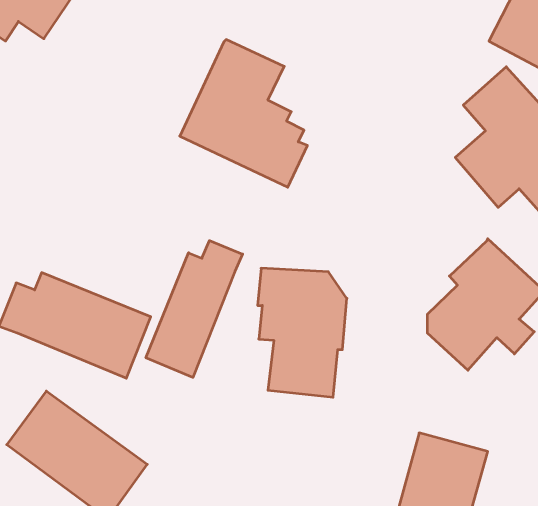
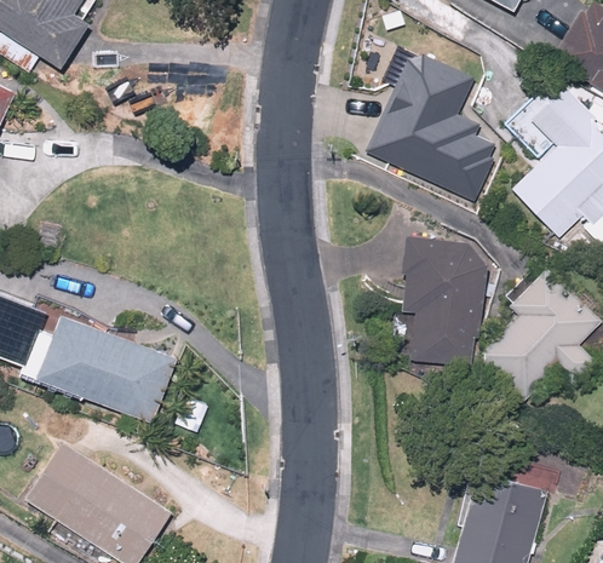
building: [180,40,307,187] -> [364,51,498,205]
building: [146,241,243,377] -> none
building: [258,268,347,397] -> [392,241,486,375]

